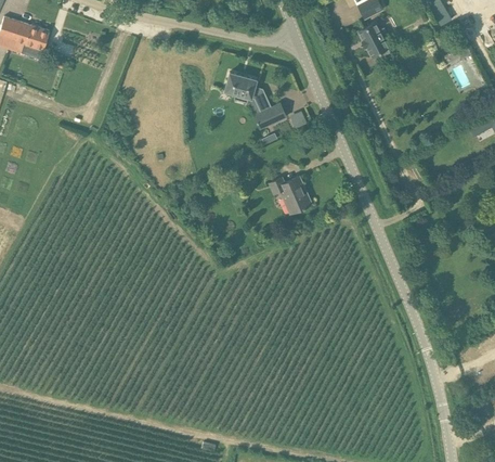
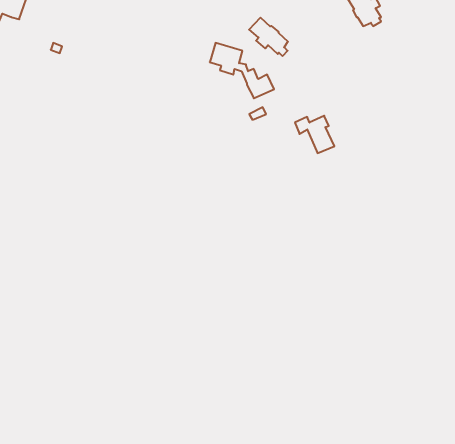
building: none -> [249,18,288,56]
building: [270,177,308,213] -> [295,116,334,153]

